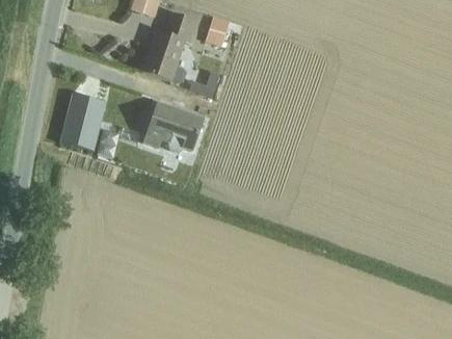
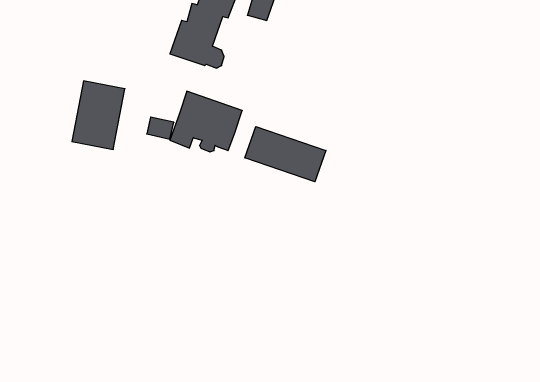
building: none -> [245,127,326,182]

